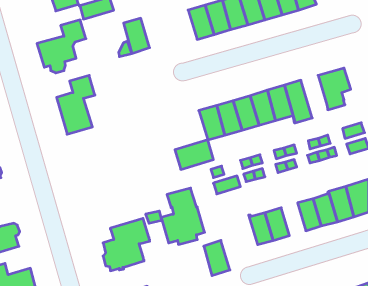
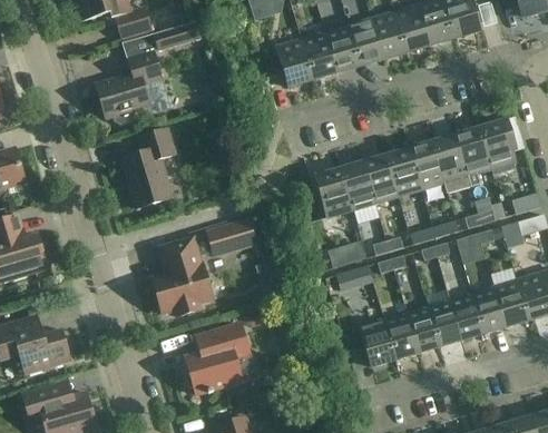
building: [124,18,150,53] -> [277,39,313,87]
building: none -> [454,128,490,186]
building: [175,140,213,169] -> [204,218,256,258]
building: [161,188,205,244] -> [151,238,211,315]
building: none -> [428,302,461,346]
building: [204,240,230,276] -> [360,318,395,366]

